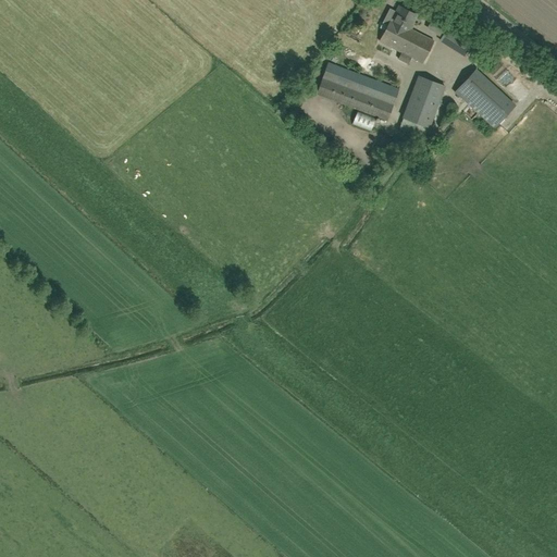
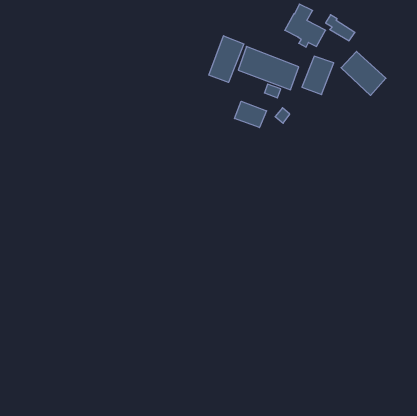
building: none -> [209,36,244,82]
building: none -> [235,101,267,128]

